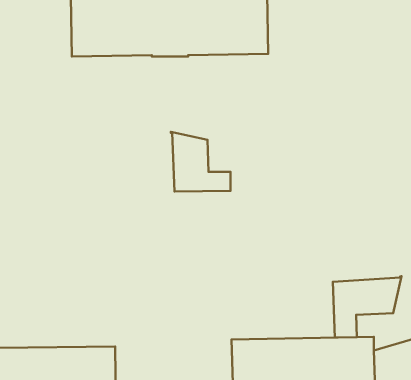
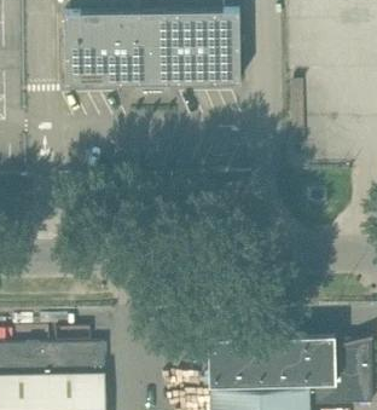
building: [171,132,231,192] -> none
building: [333,276,401,338] -> none

